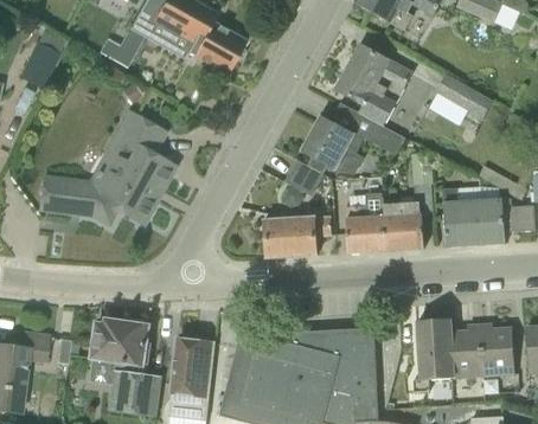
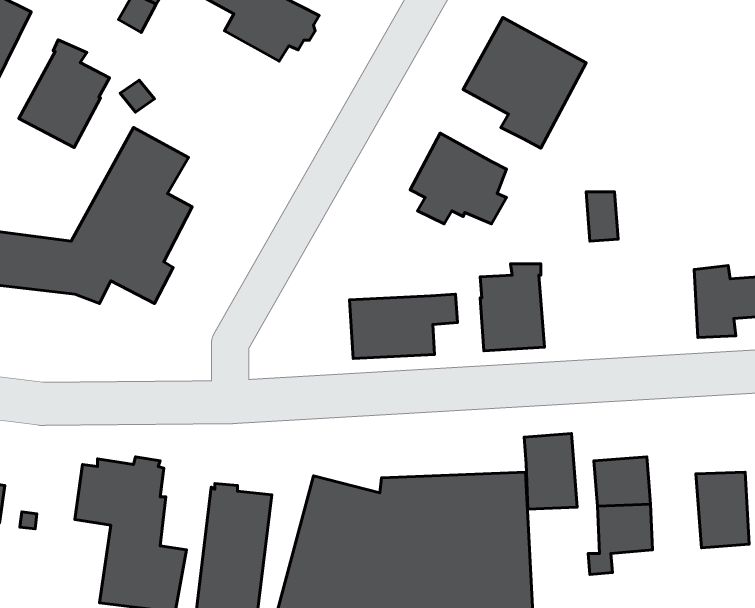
building: none -> [19,40,109,148]
building: [436,73,500,122] -> none
building: [364,120,404,154] -> none
building: [286,160,324,194] -> none
building: [442,187,482,246] -> none
building: [383,203,424,250] -> none
building: [451,329,485,377] -> [524,433,577,509]

